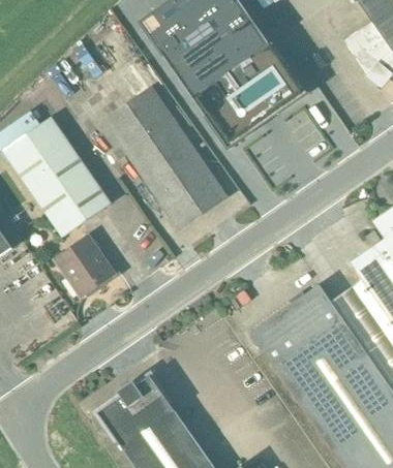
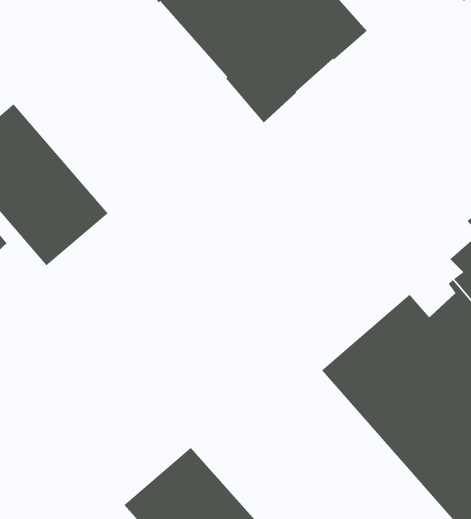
building: [102,87,226,230] -> none
building: [57,239,121,298] -> none

